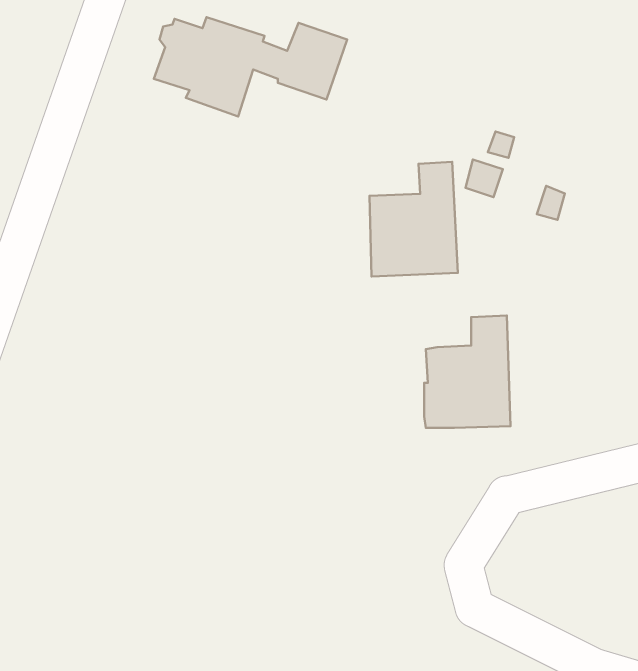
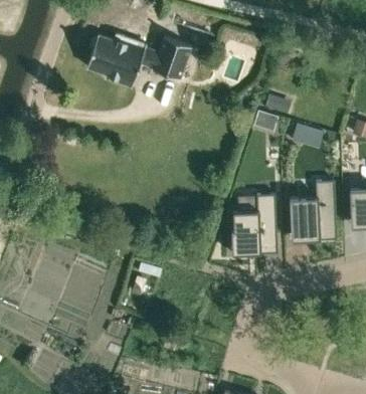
building: [370,162,458,276] -> [290,179,337,240]

